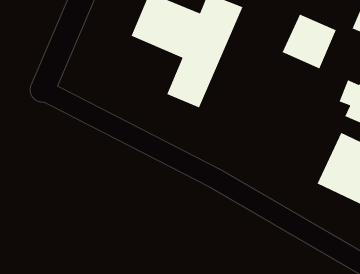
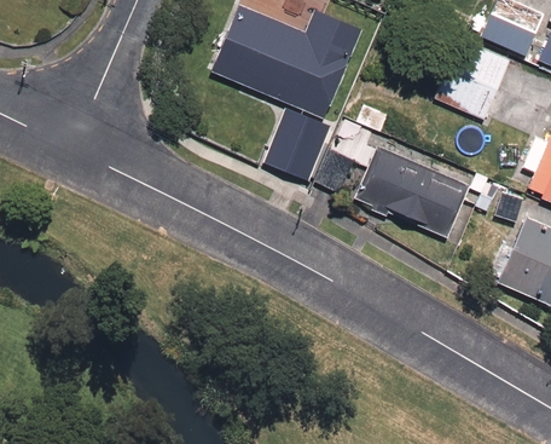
building: none -> [354,145,475,233]

